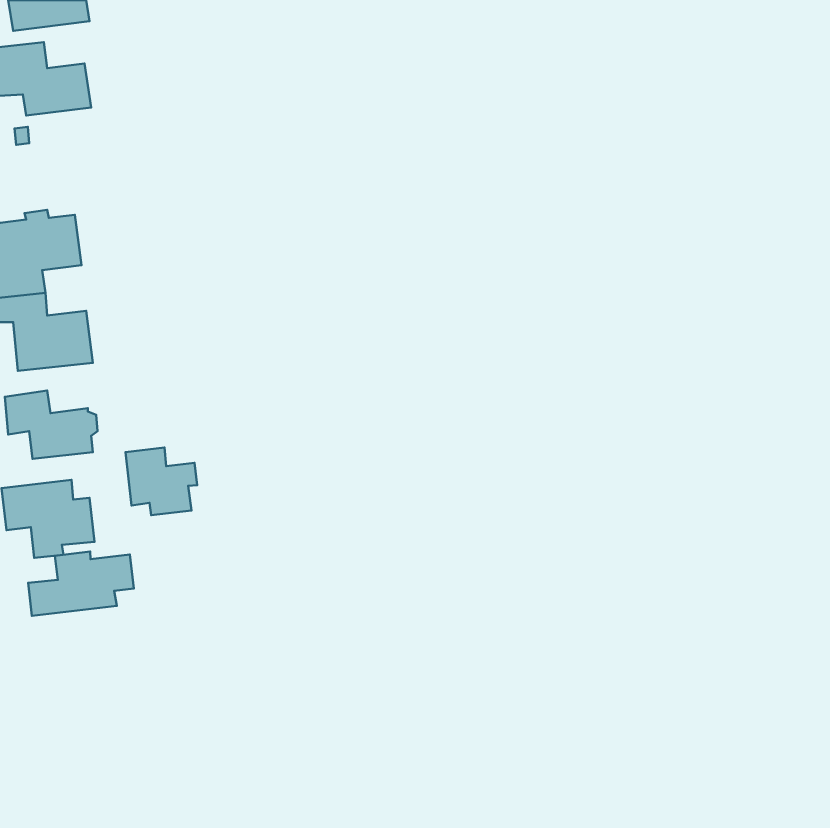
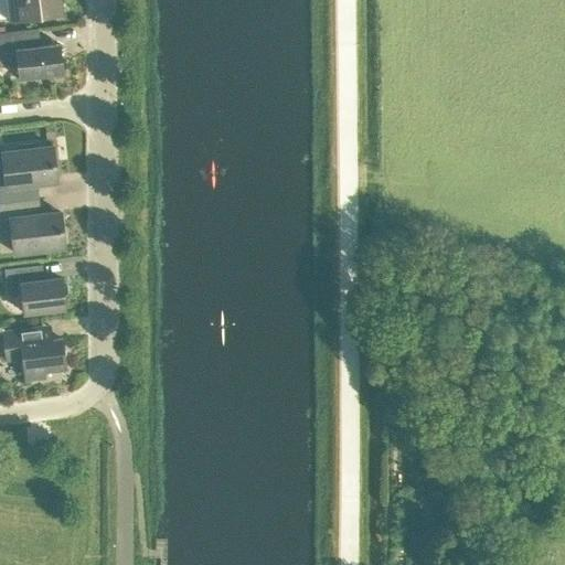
building: [125,448,197,515] -> none
building: [28,552,134,616] -> none

